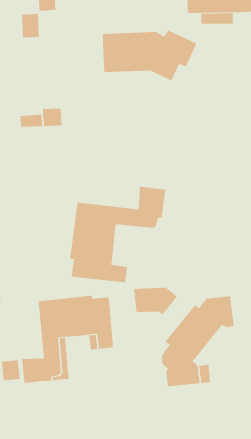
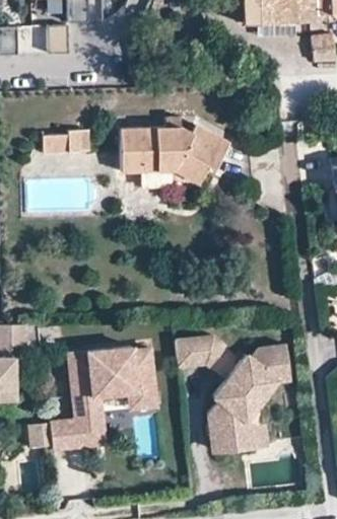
building: [102,30,197,81] -> [110,124,220,183]
building: [70,186,166,283] -> none

